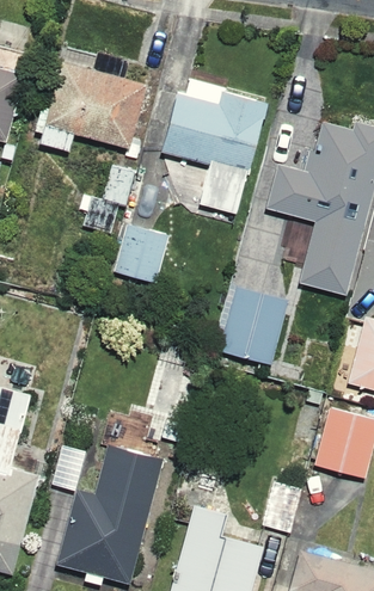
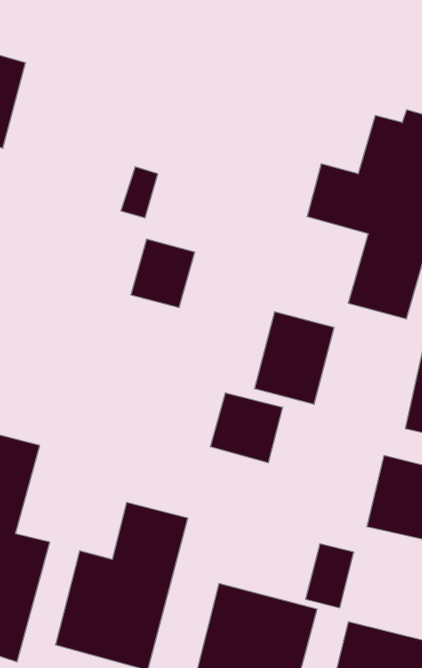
building: [27,61,148,152] -> none
building: [154,86,272,216] -> none
building: none -> [211,393,283,463]

